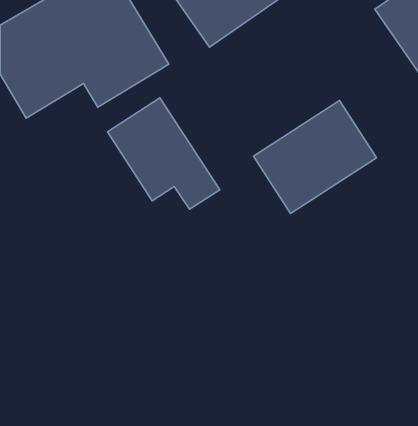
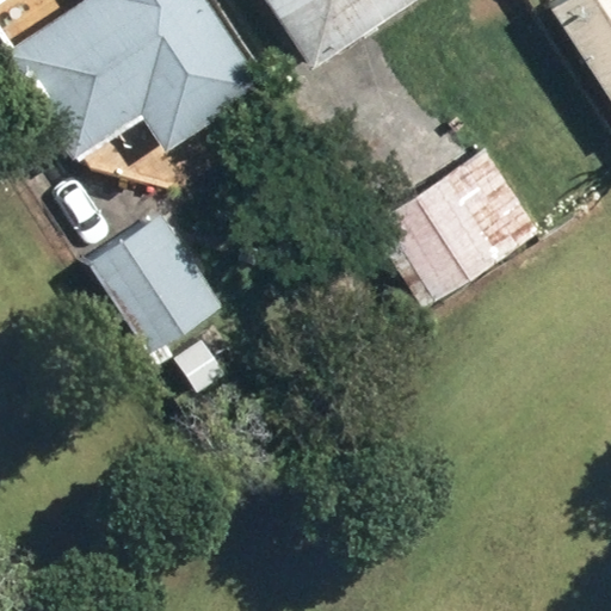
building: [108,98,220,209] -> [92,215,251,372]

